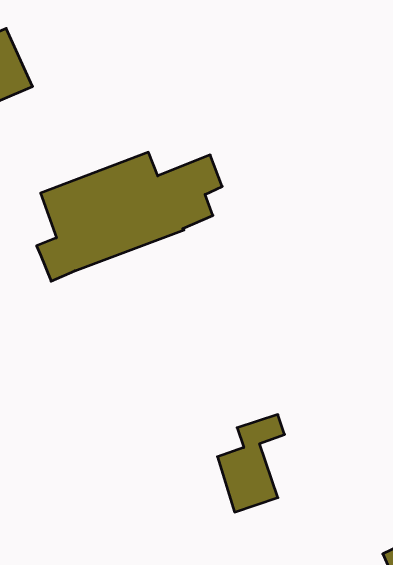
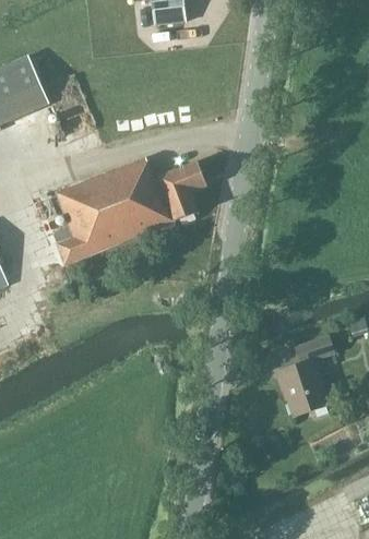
building: [217,415,285,512] -> [278,336,334,417]

